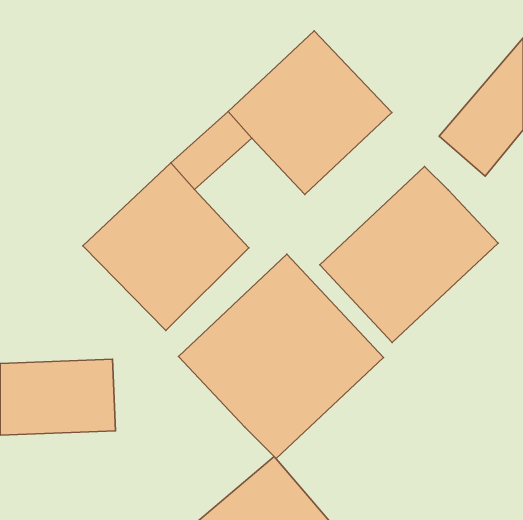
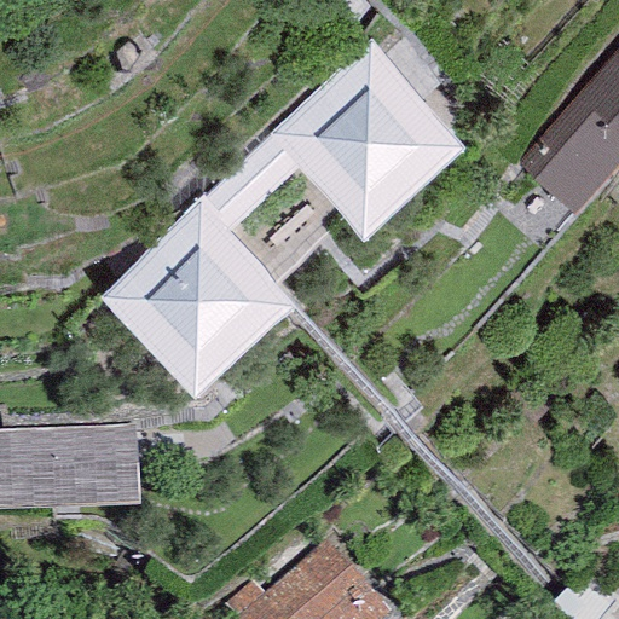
building: [320,166,498,343] -> none
building: [179,254,383,458] -> none

